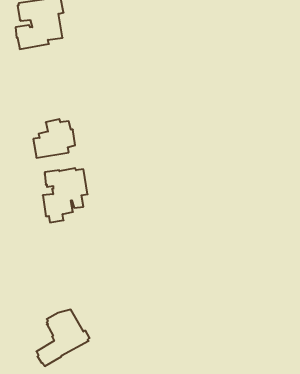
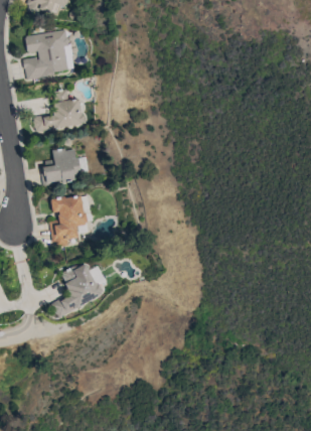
building: none -> [33,90,85,132]
building: [36,310,90,366] -> [51,264,103,318]

